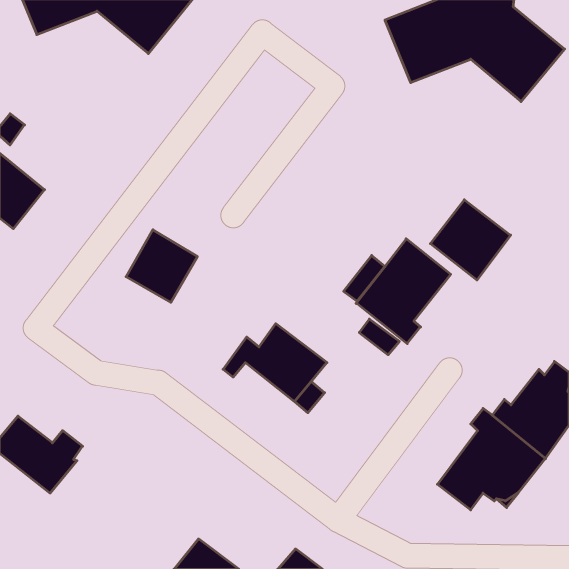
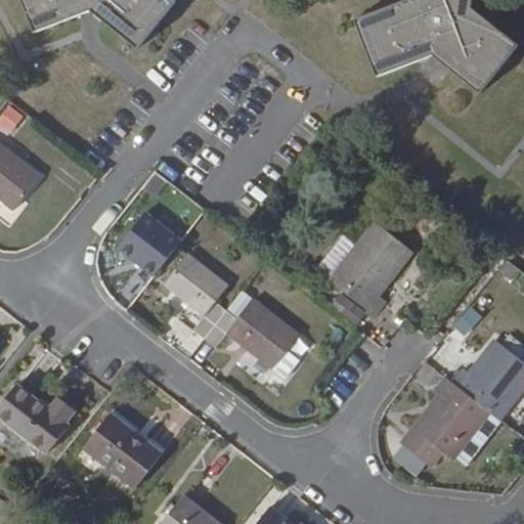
building: [430,200,511,280] -> none
building: none -> [162,251,229,316]
building: none -> [81,411,163,489]

